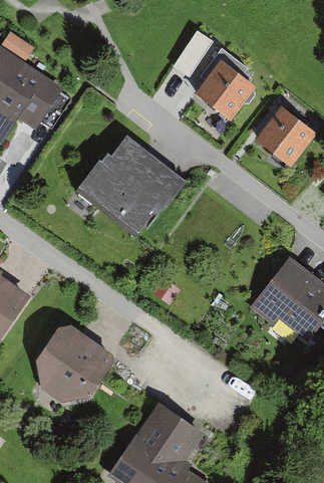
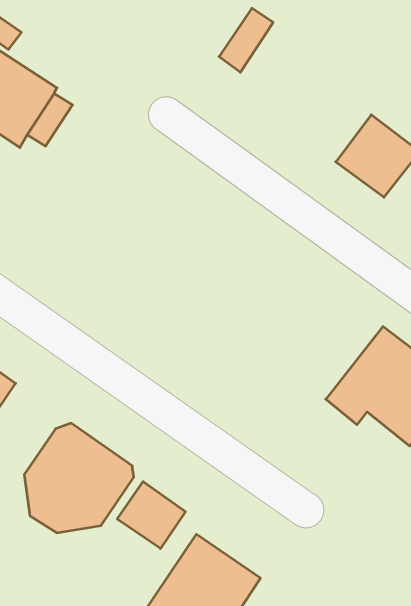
building: [195,49,255,120] -> none
building: [75,139,183,236] -> none
building: none -> [117,482,185,549]

